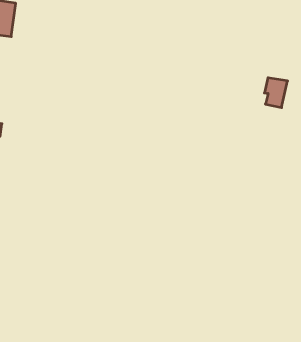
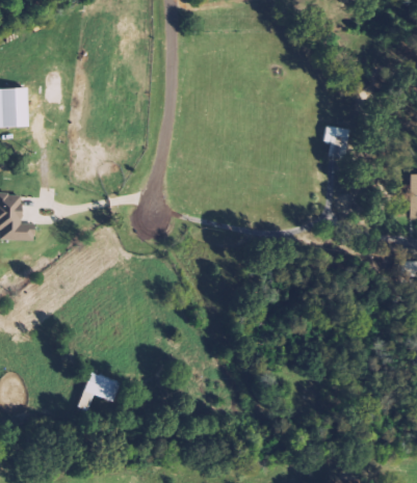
building: none -> [77,374,119,411]

